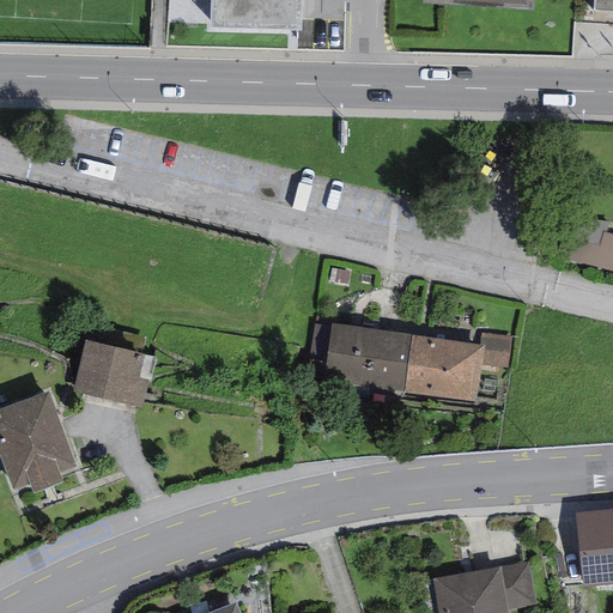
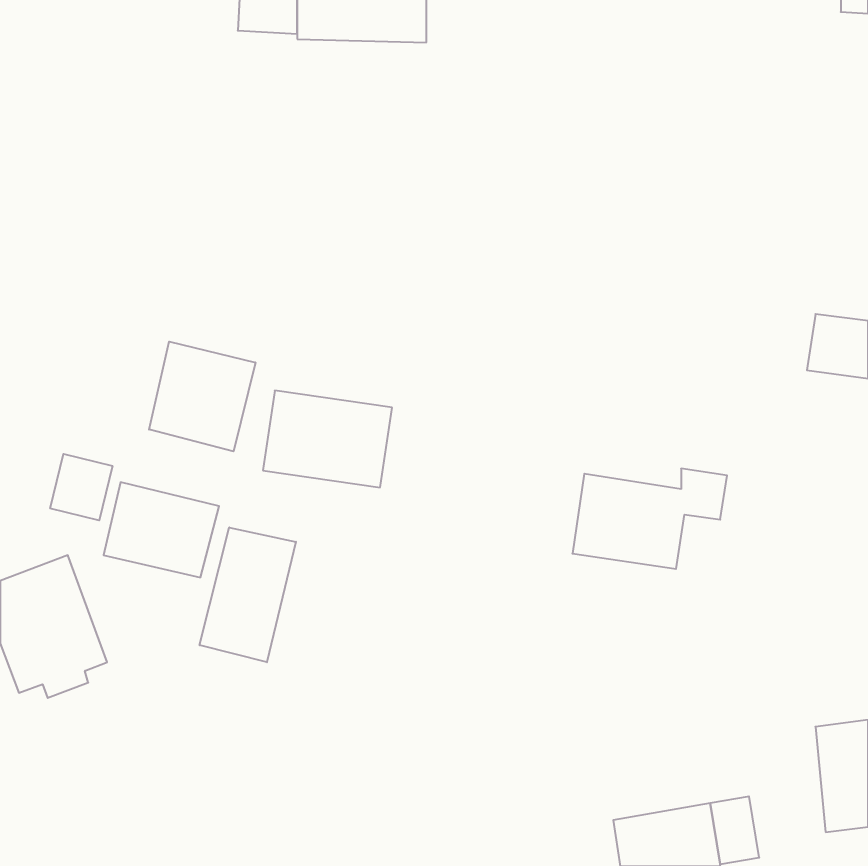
building: none -> [149,342,255,451]
building: none -> [50,454,112,520]
building: [321,322,412,390] -> [263,391,392,487]
building: none -> [200,527,296,662]

